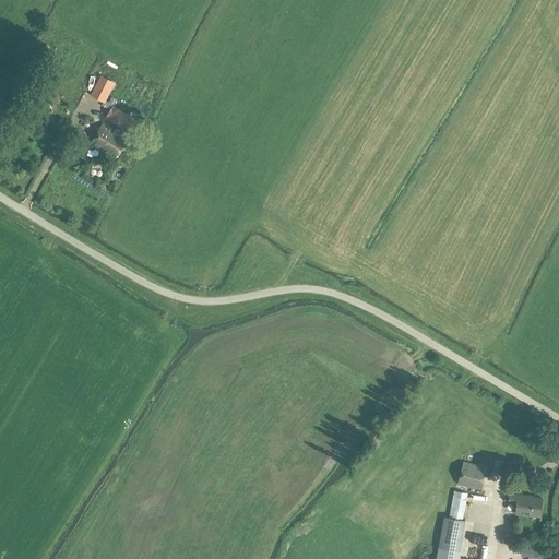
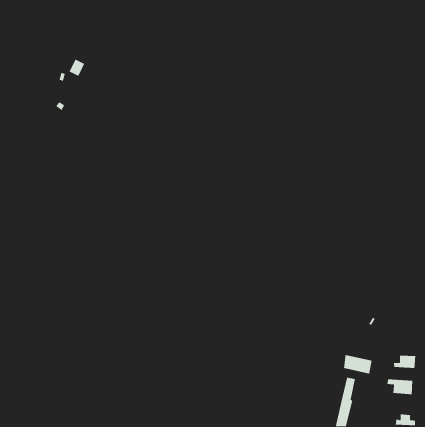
building: [88,107,133,158] -> none
building: none -> [393,355,416,369]

